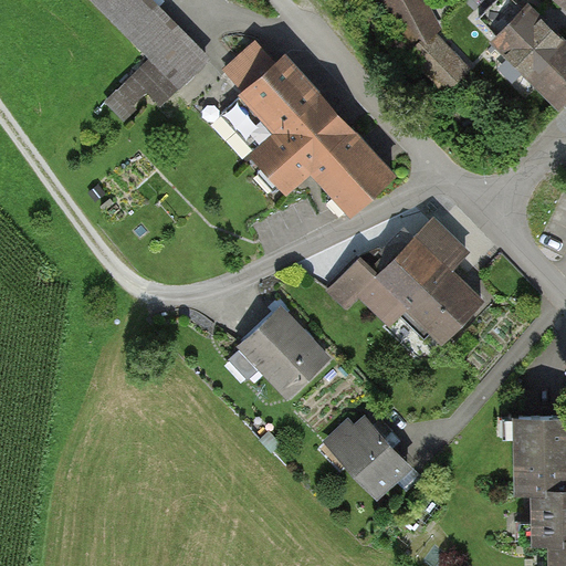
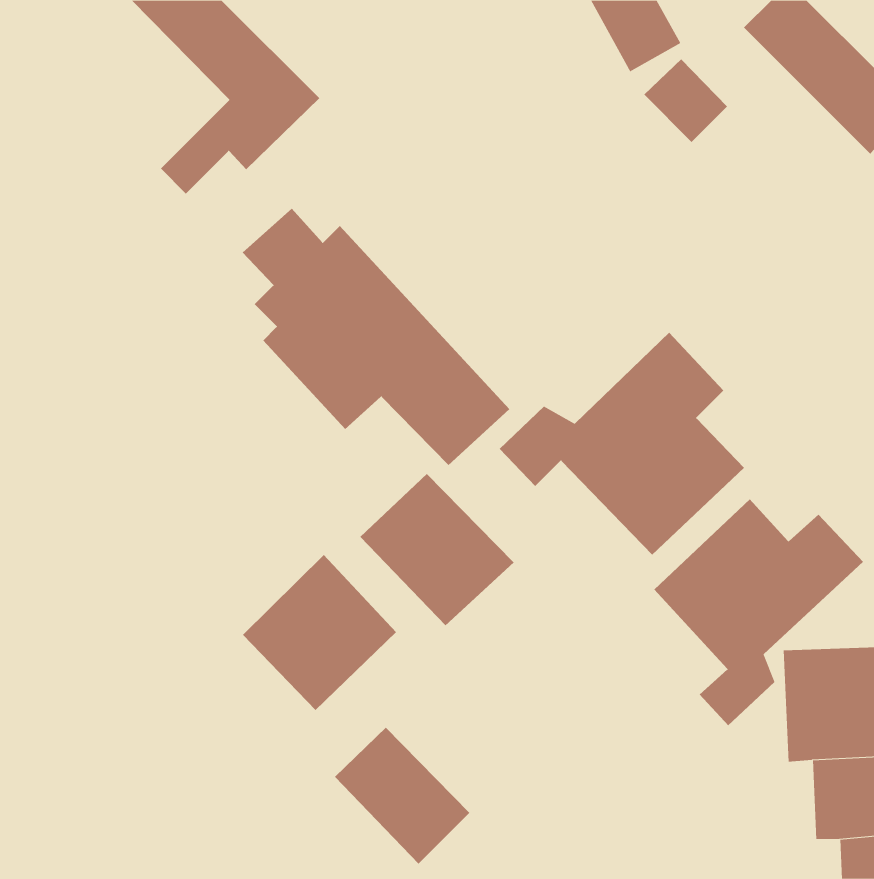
building: [224,45,397,211] -> [242,208,510,466]
building: none -> [654,499,864,726]
building: none -> [242,554,397,711]
building: [326,415,413,503] -> [334,727,470,865]

